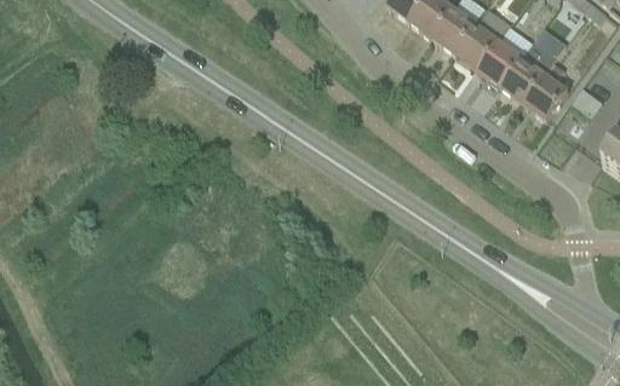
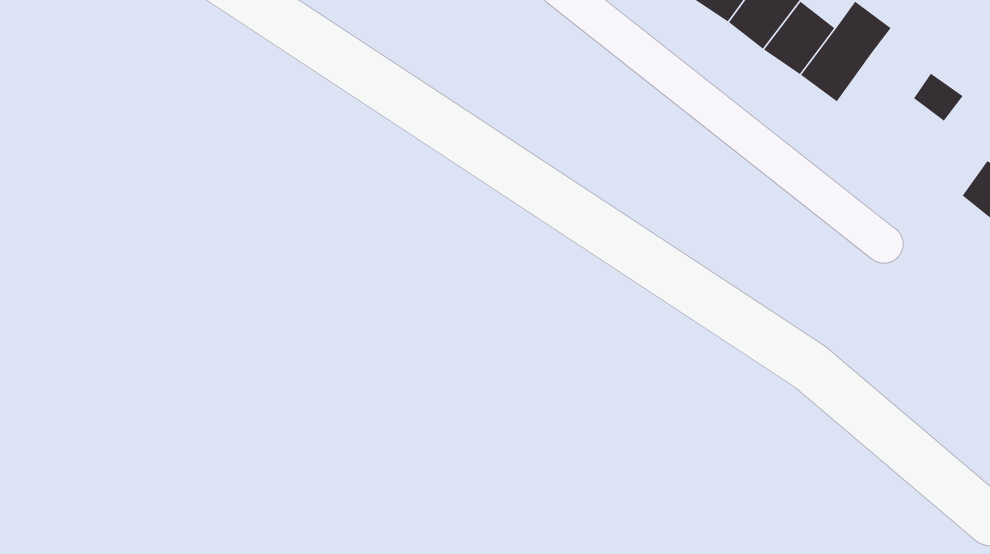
building: [522,58,567,121] -> none

